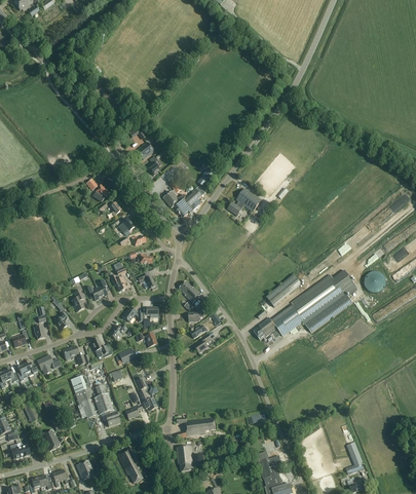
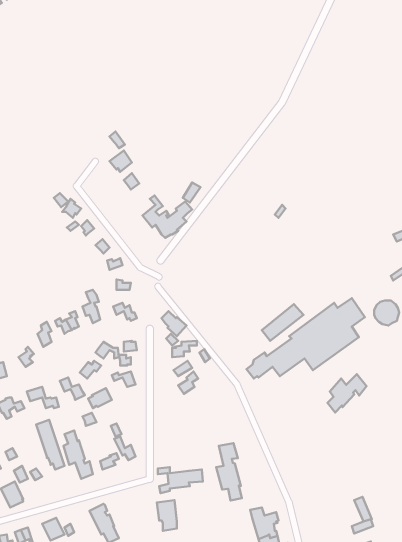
building: [228,188,261,215] -> none
building: none -> [327,374,367,412]
building: none -> [216,443,242,500]

